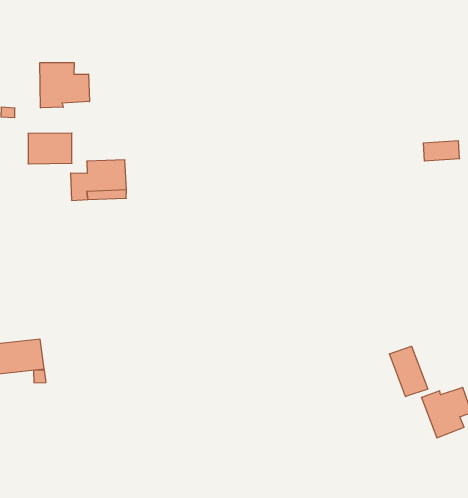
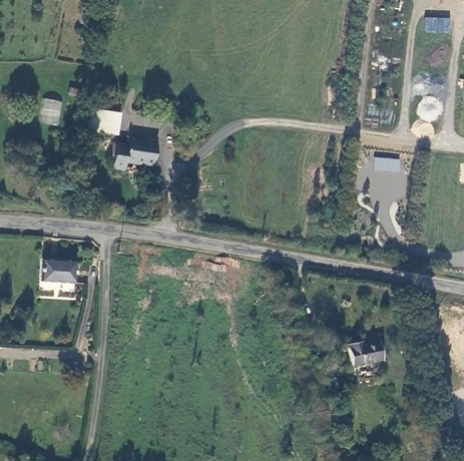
building: [40,63,89,108] -> none
building: [389,346,428,397] -> none

